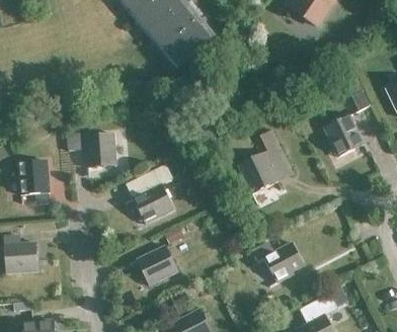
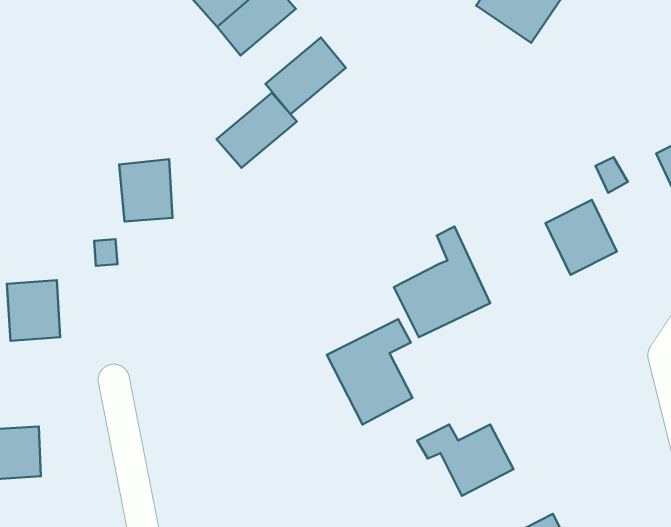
building: [151,6,196,49] -> [216,93,297,168]
building: [85,134,115,169] -> [119,159,173,222]
building: [126,164,174,224] -> [327,319,413,424]
building: [137,245,178,284] -> none

